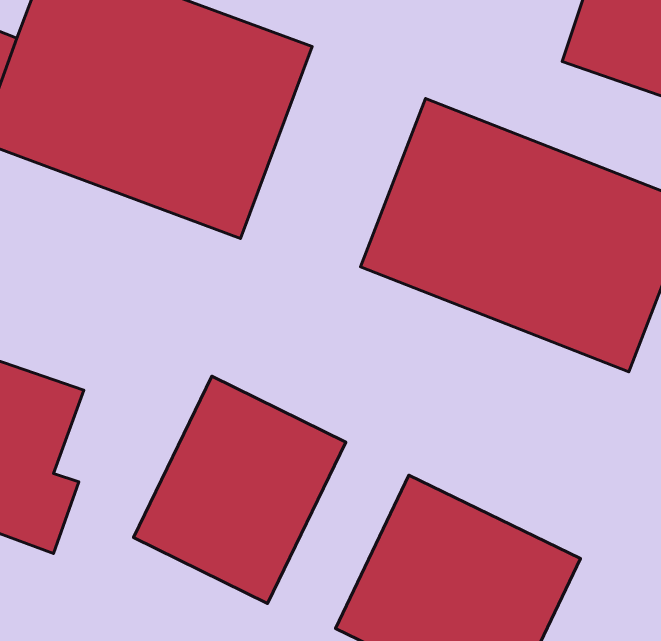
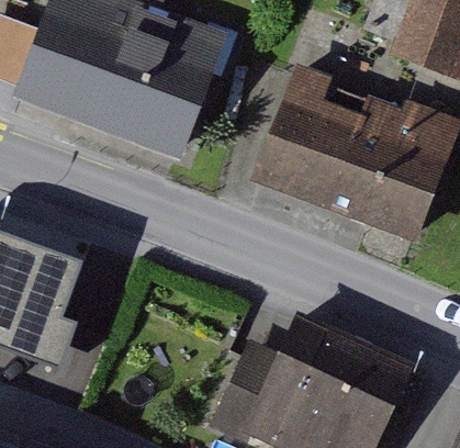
building: [134,376,346,604] -> none

